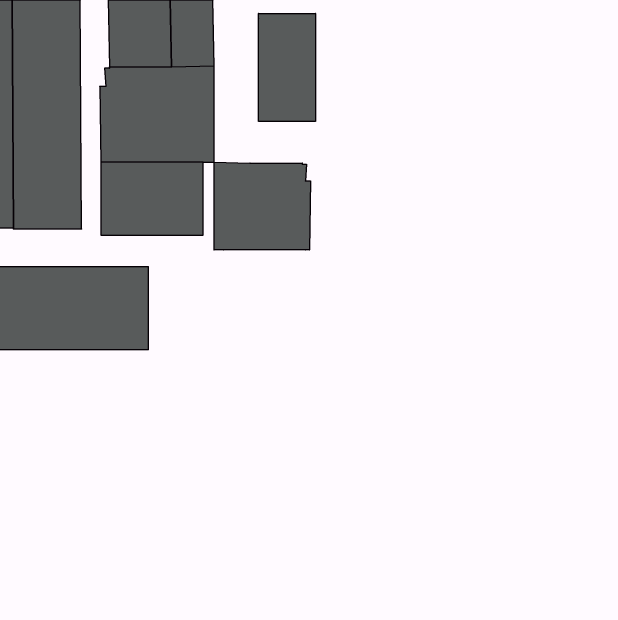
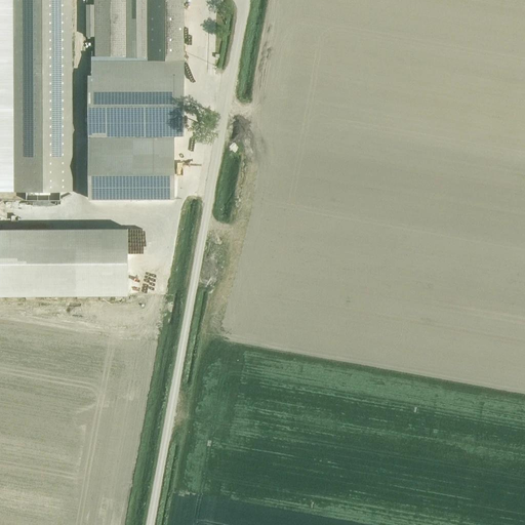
building: [259,13,315,121] -> none
building: [214,162,310,250] -> none

